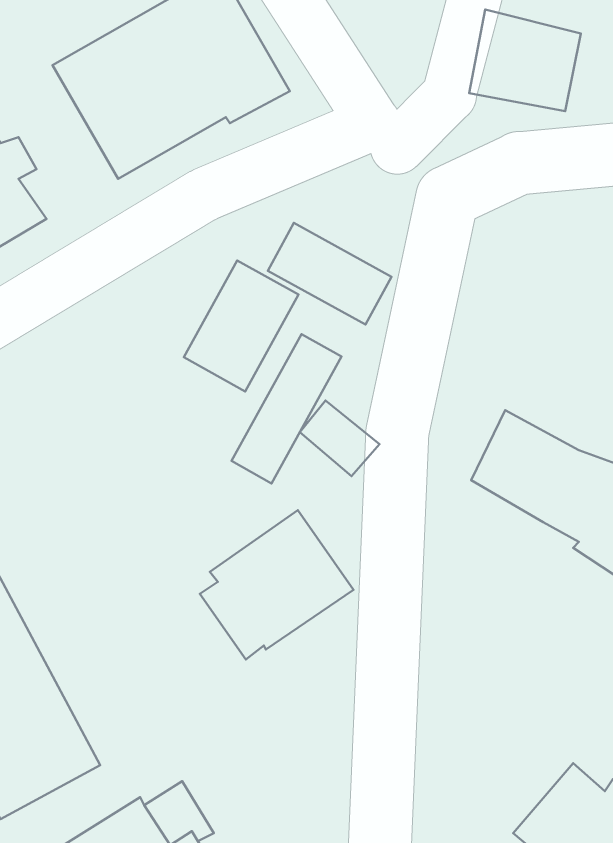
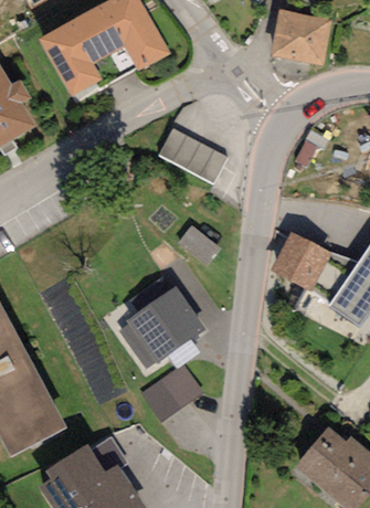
building: [184,260,298,391] -> none
building: [232,334,341,483] -> none
building: none -> [139,363,203,423]

